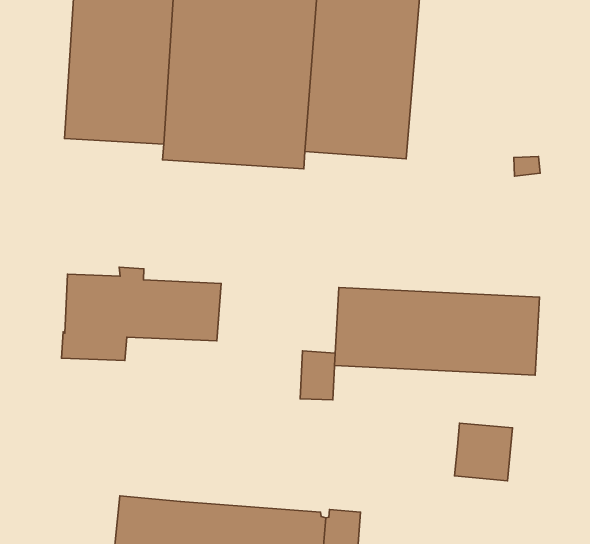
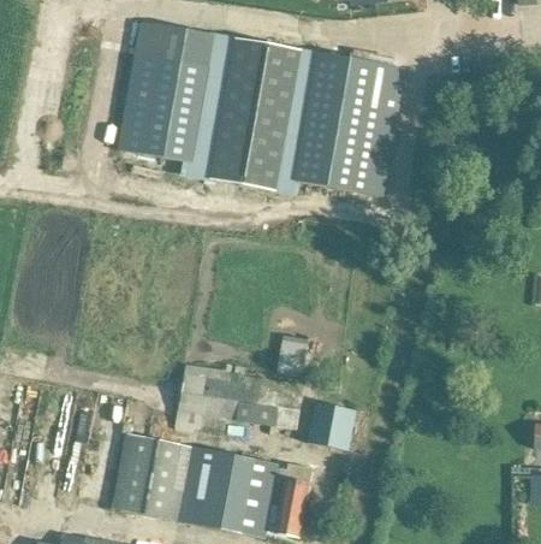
building: [61,267,221,360] -> [173,363,304,437]
building: [335,288,540,375] -> none
building: [455,423,513,481] -> [308,401,357,450]

